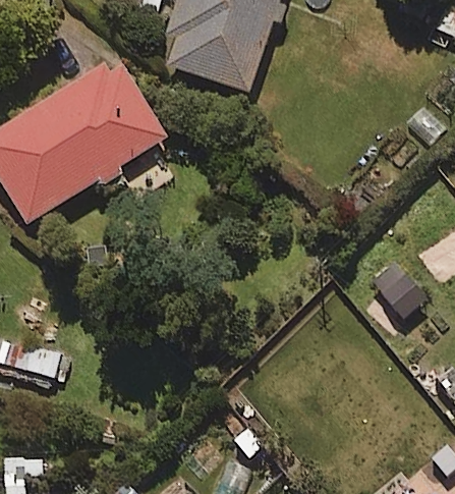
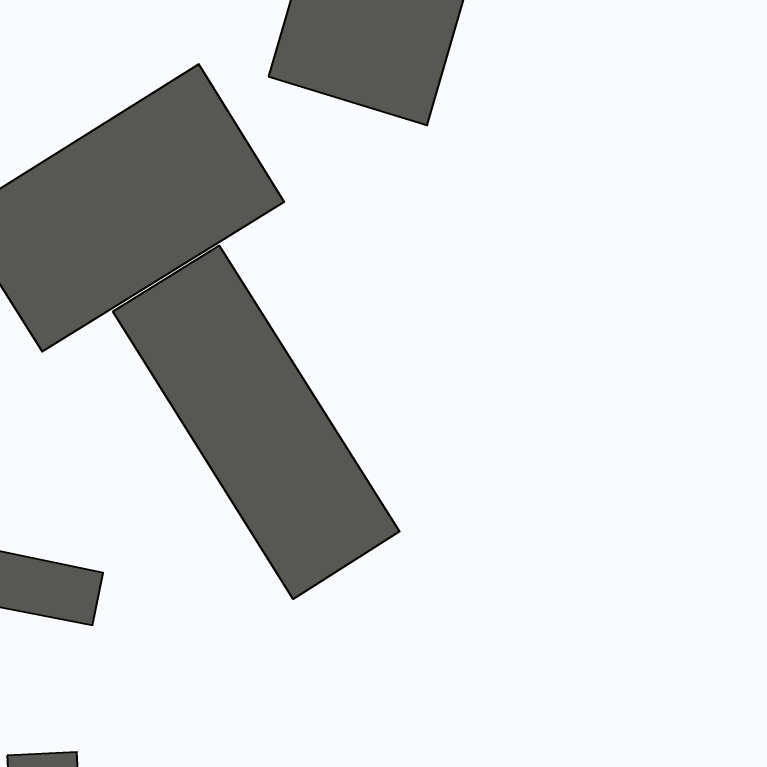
building: none -> [113,246,400,599]

